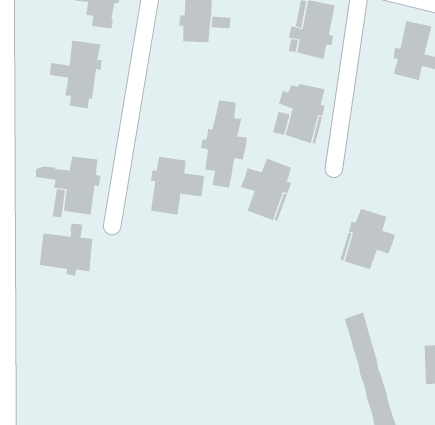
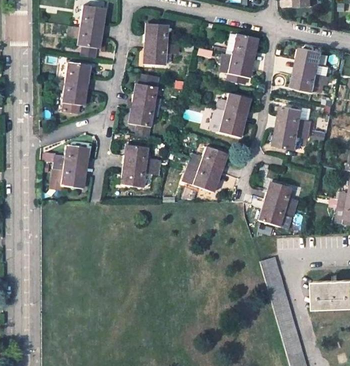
building: [200,100,248,188] -> [128,74,162,137]
building: none -> [279,107,315,150]
building: [39,223,93,277] -> none

